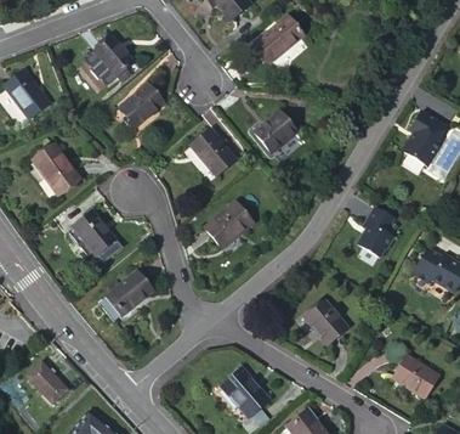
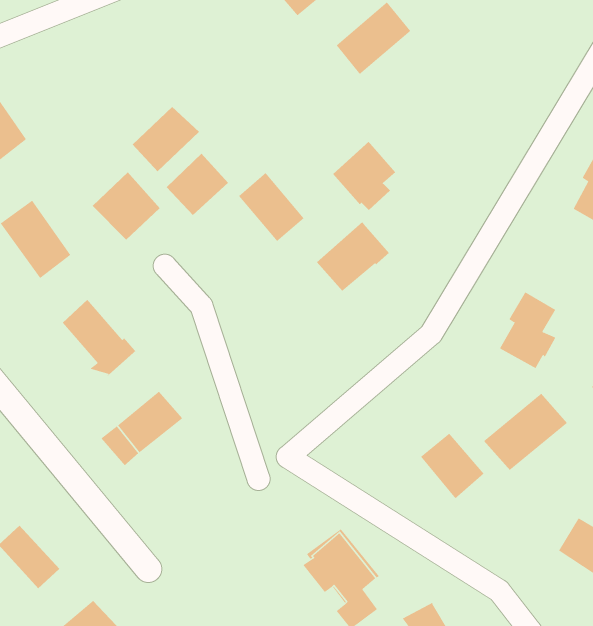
building: [80,38,129,85] -> none
building: none -> [166,153,229,216]
building: none -> [92,171,160,240]
building: [200,199,249,246] -> [316,222,390,291]
building: none -> [483,393,568,471]

